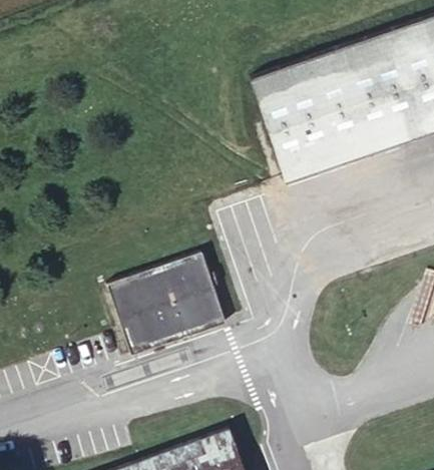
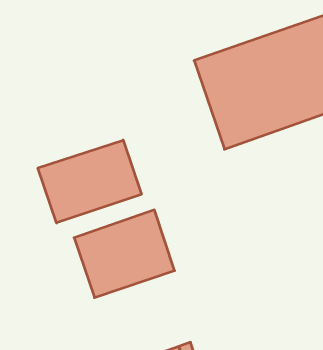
building: none -> [38,140,141,223]

